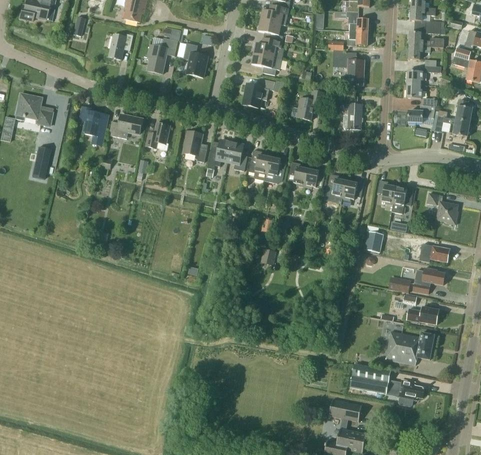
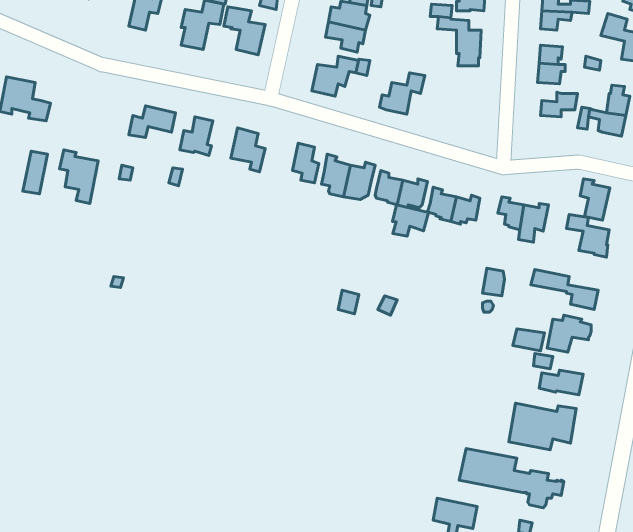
building: [343,96,362,129] -> none
building: [80,106,108,145] -> [60,150,98,203]
building: [207,139,232,169] -> none
building: none -> [580,179,610,220]
building: none -> [392,205,428,236]

